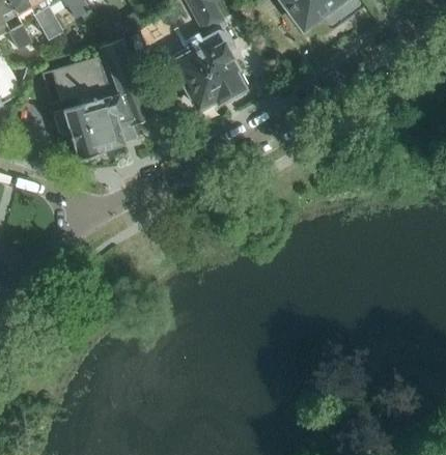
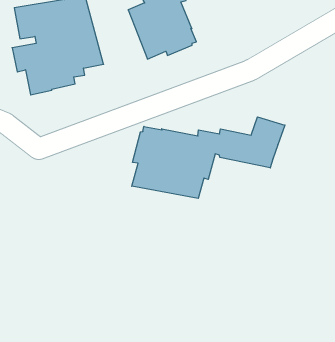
building: none -> [132,117,285,198]

